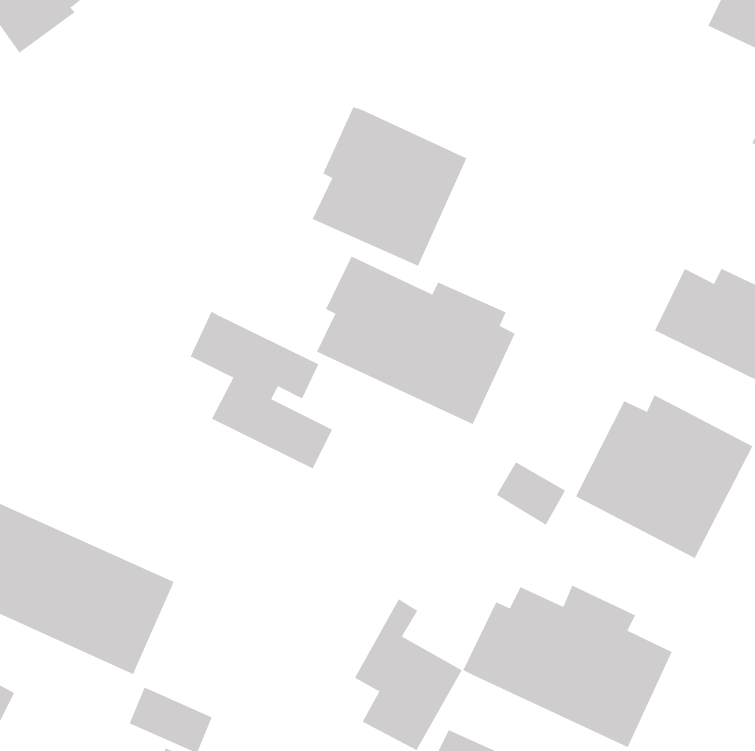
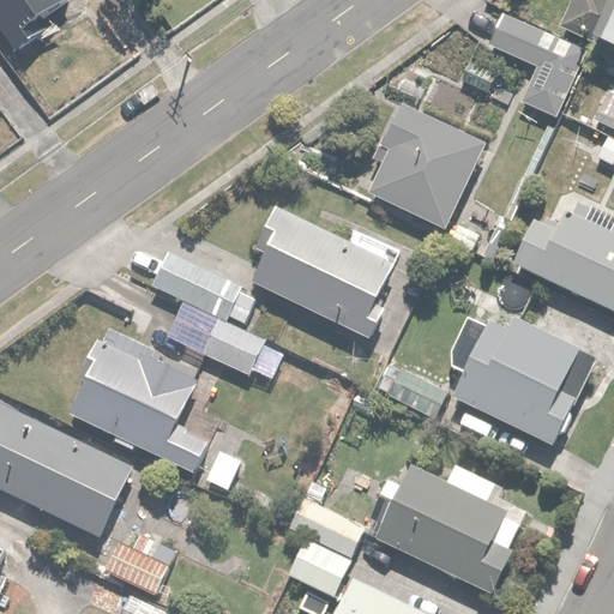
building: none -> [486,14,577,119]
building: [312,107,467,266] -> [366,102,488,228]
building: none -> [66,324,236,490]

